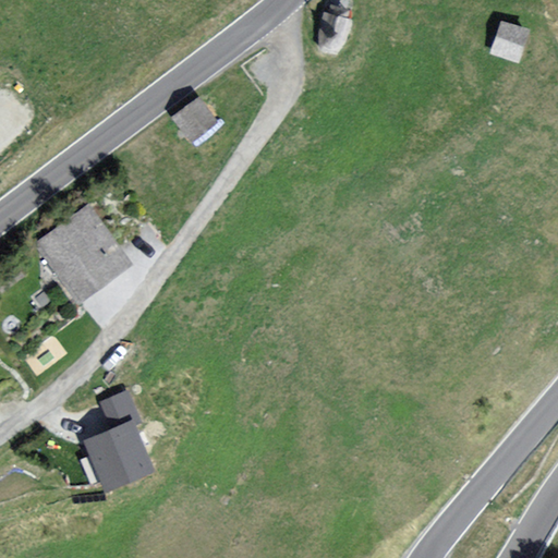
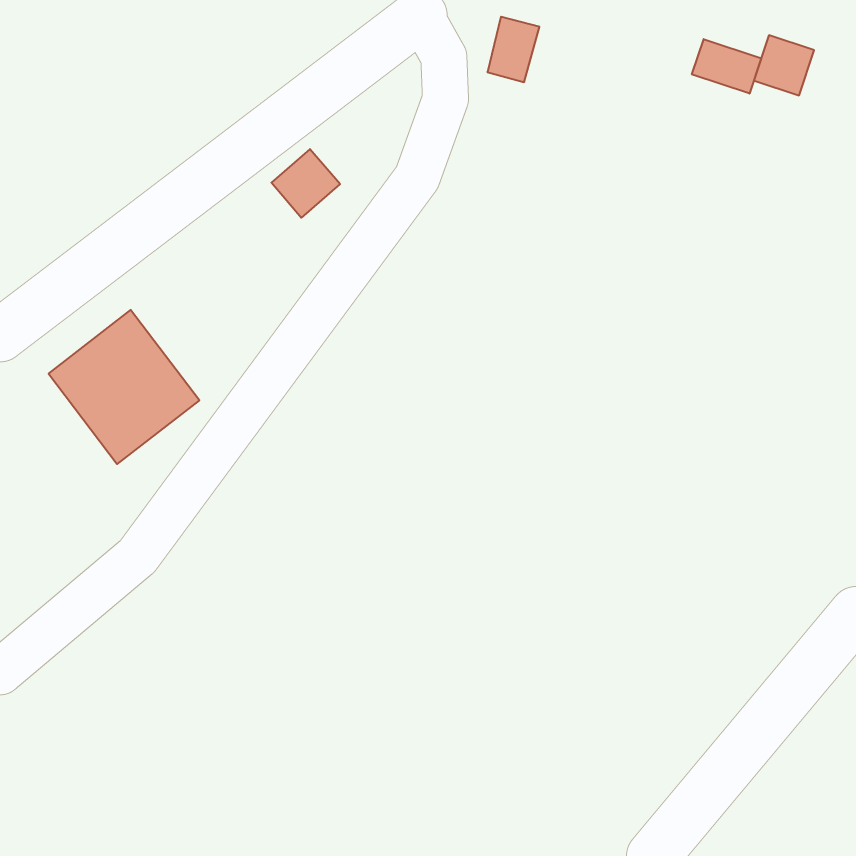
building: none -> [692,39,761,94]
building: [83,392,156,492] -> none

